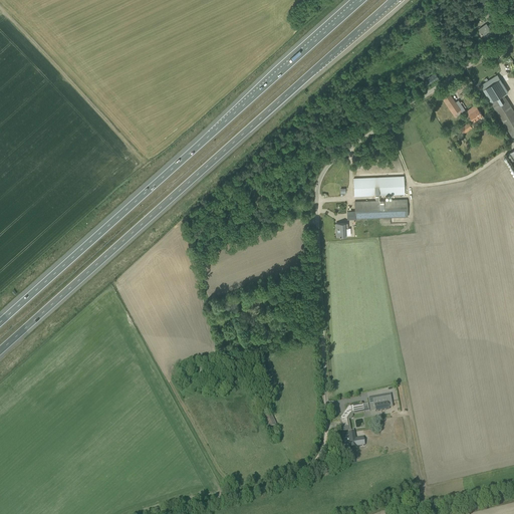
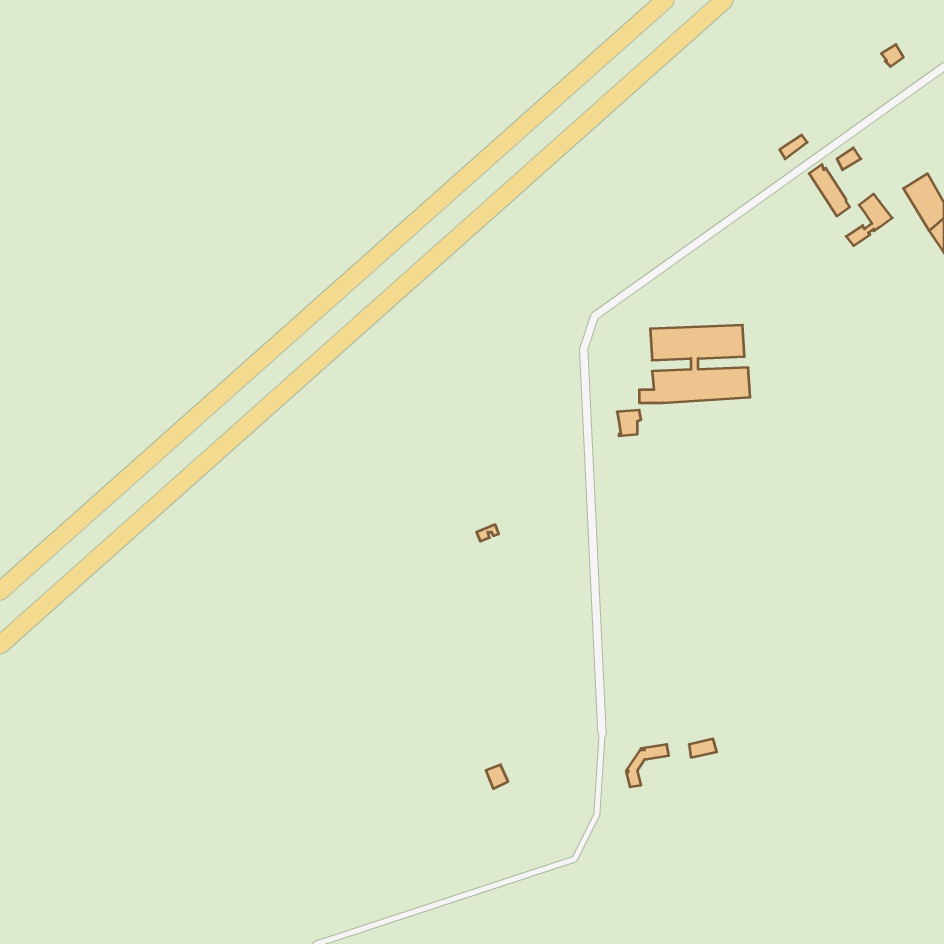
building: [481,74,508,102] -> none

